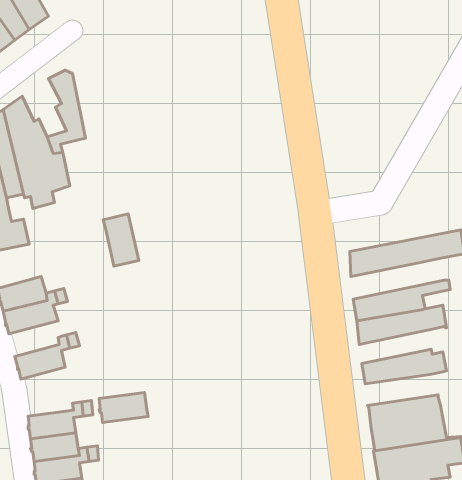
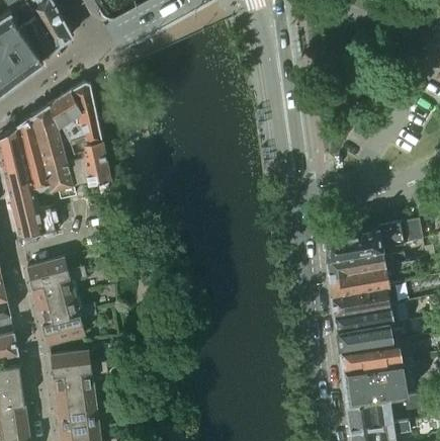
building: none -> [49,91,86,141]
building: [103,214,139,266] -> [81,142,111,186]
building: none -> [327,248,406,278]
building: none -> [37,296,82,327]
building: none -> [334,301,410,333]
building: none -> [339,340,408,368]
building: [99,393,148,423] -> [51,352,92,377]

